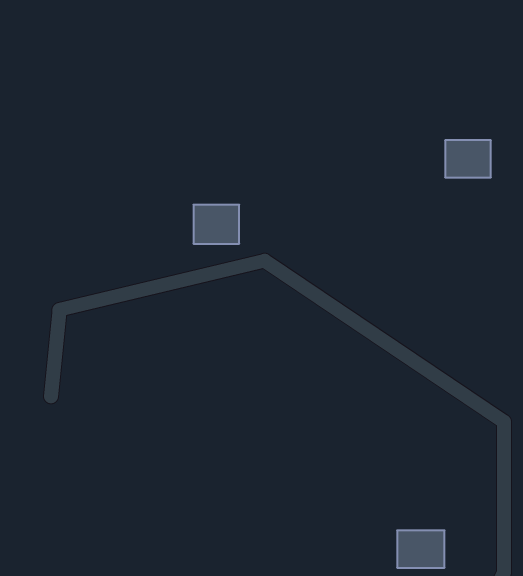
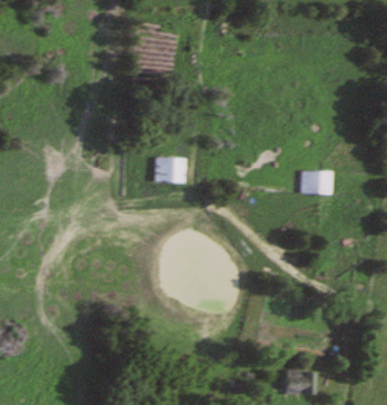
building: [445,140,491,177] -> [301,170,331,195]

